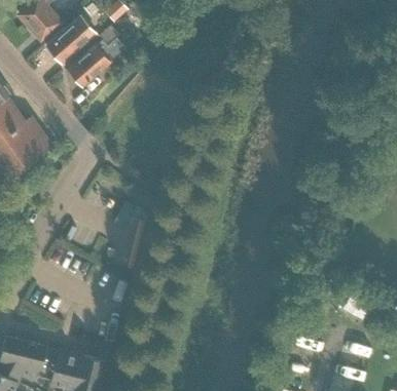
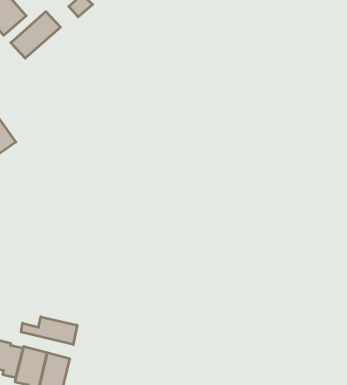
building: [67,26,125,87] -> none
building: none -> [21,317,77,345]

